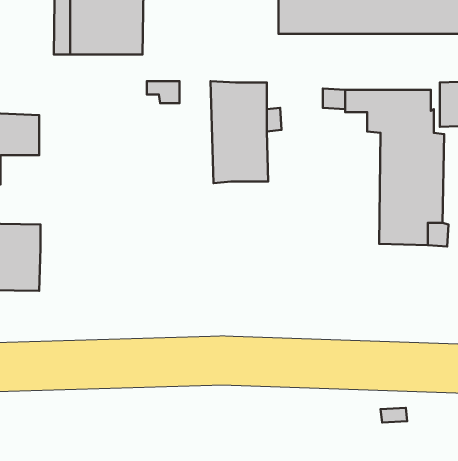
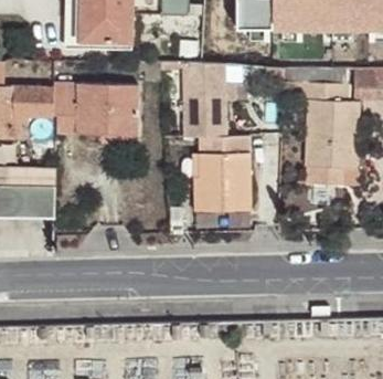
building: none -> [55,85,139,135]
building: none -> [193,138,253,212]

